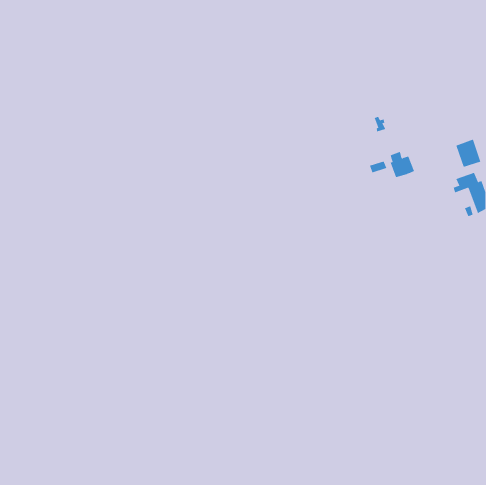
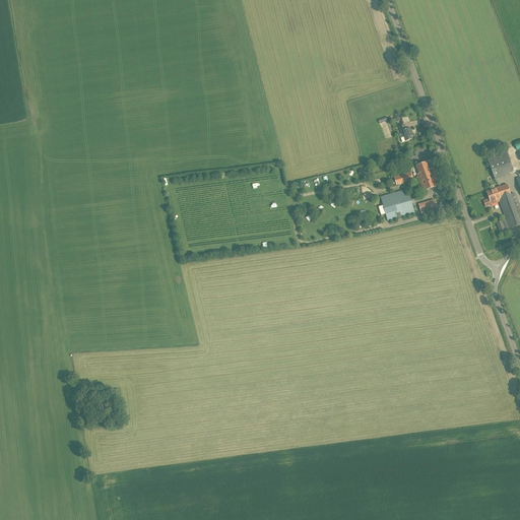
building: none -> [381,188,414,220]

